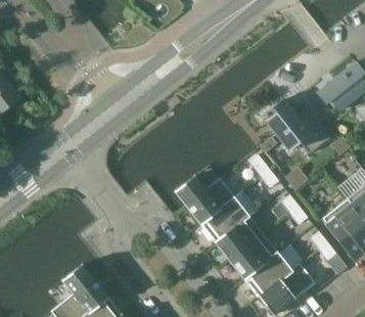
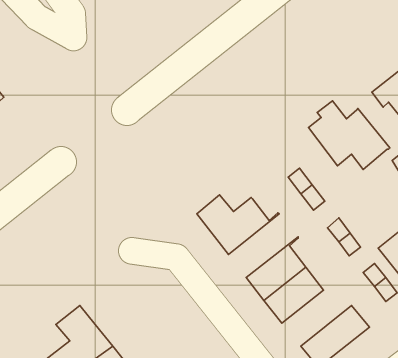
building: [200,190,257,241] -> none
building: [243,252,300,297] -> none

